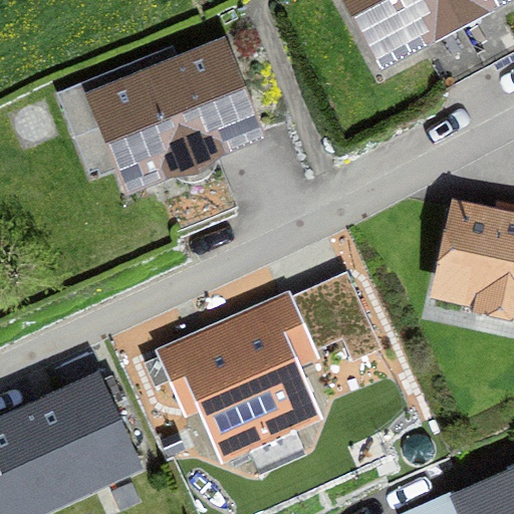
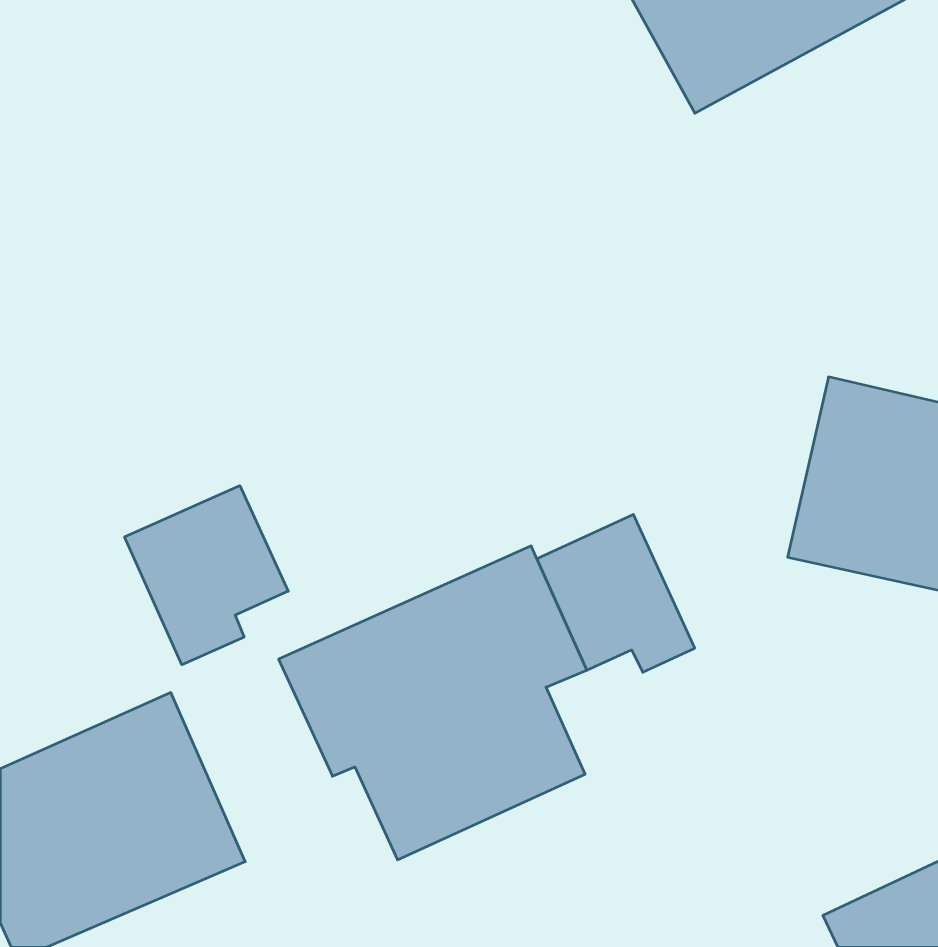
building: [64,35,253,183] -> none
building: none -> [125,486,288,665]

